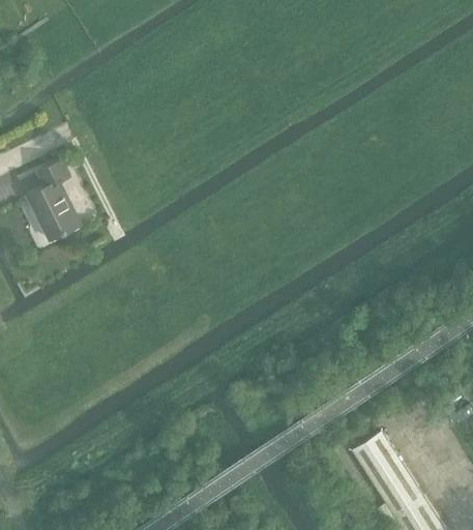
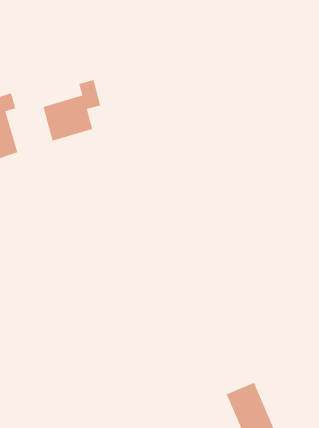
building: none -> [43,79,101,141]

